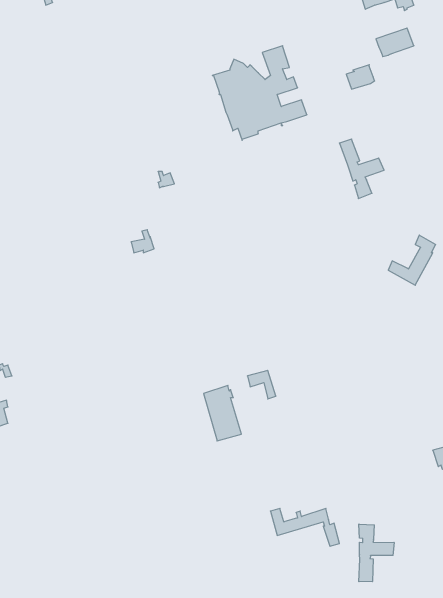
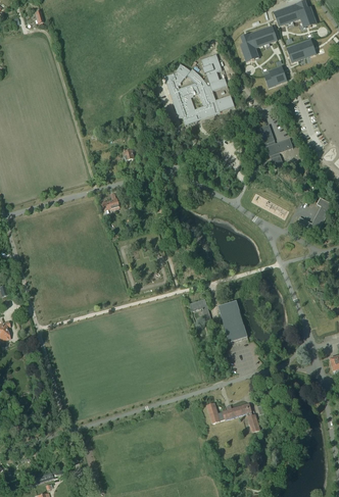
building: none -> [241,27,277,60]
building: [204,385,241,441] -> [219,300,247,342]
building: [359,524,394,582] -> none

